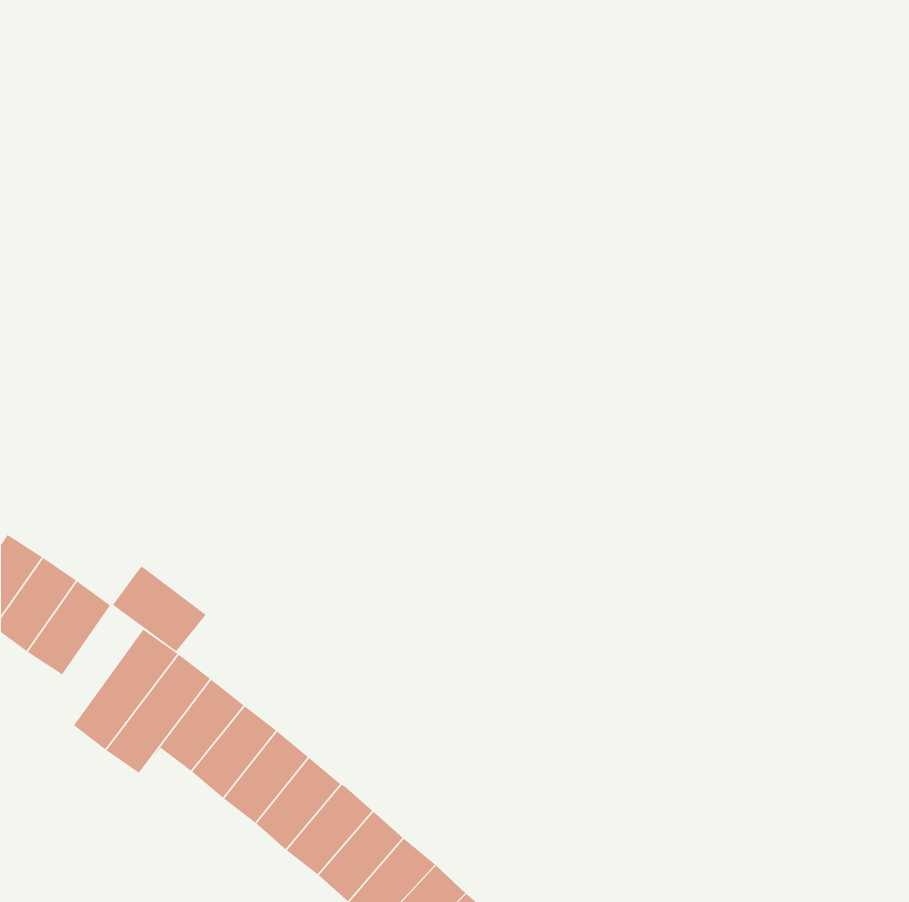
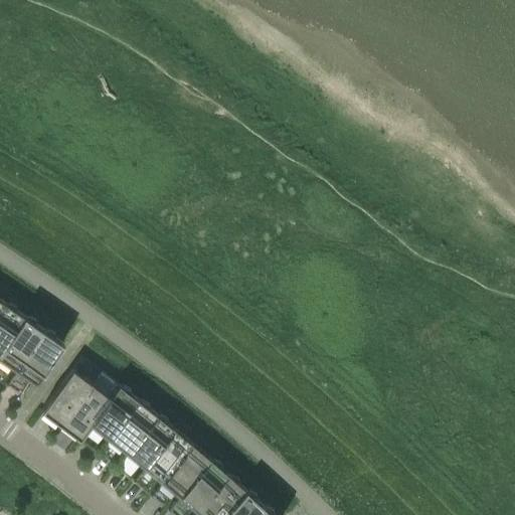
building: [112,566,206,652] -> none

